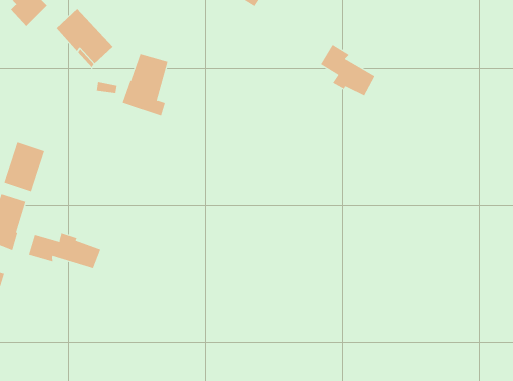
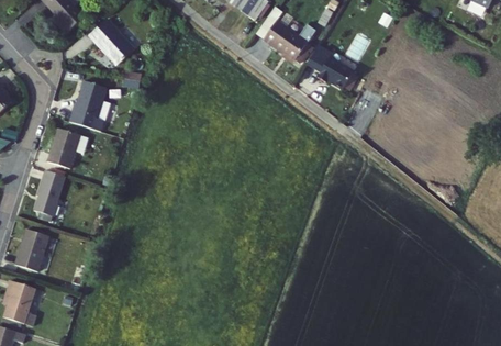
building: none -> [264,15,315,57]
building: [122,54,168,116] -> [70,79,109,131]
building: [28,232,101,269] -> none

